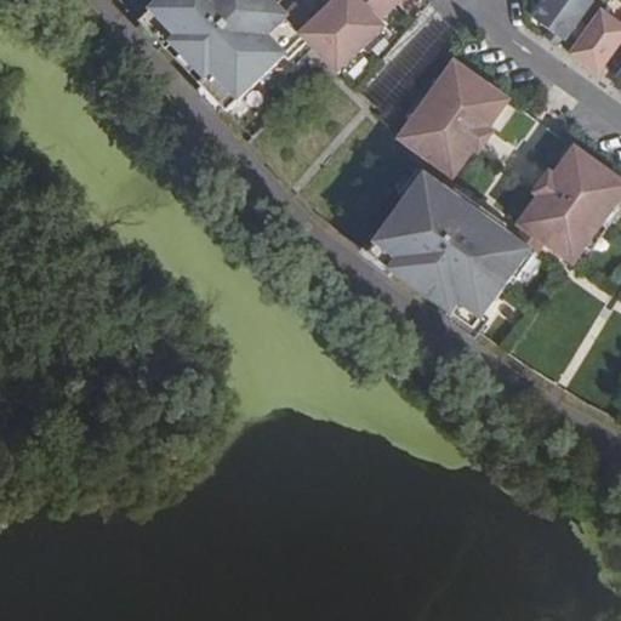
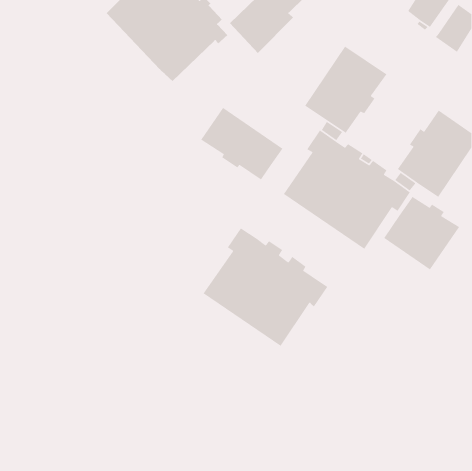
building: none -> [200,107,283,180]
building: none -> [383,196,460,270]
building: none -> [203,228,329,347]

